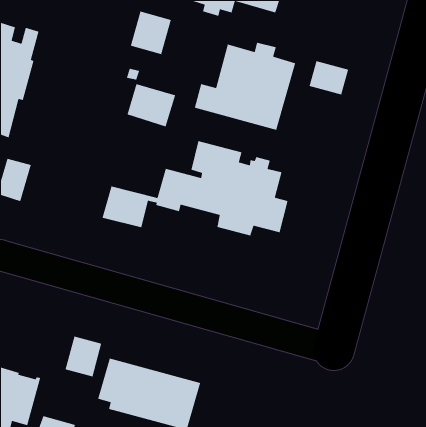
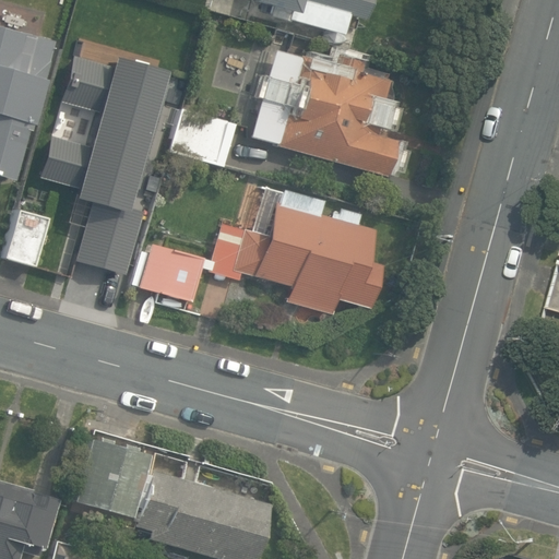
building: [130,11,172,55] -> none
building: none -> [40,59,169,277]
building: [308,60,349,96] -> none

